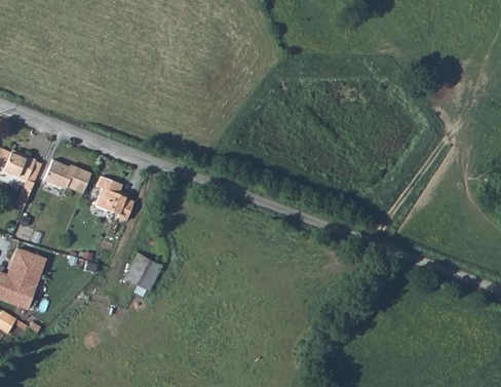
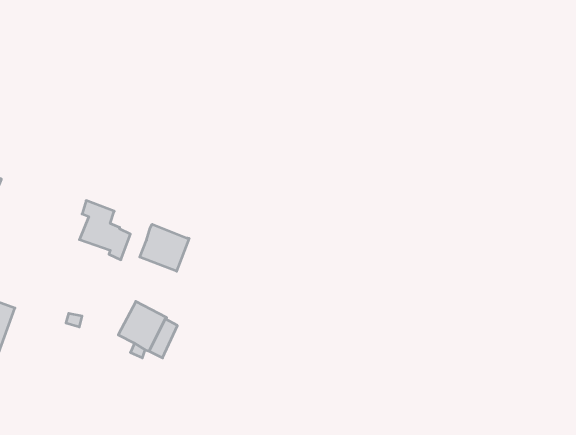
building: [43,159,90,193] -> none
building: none -> [140,224,189,271]

